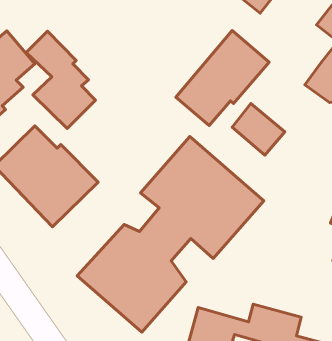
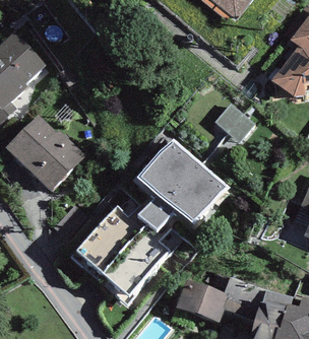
building: [176,31,269,125] -> none
building: [26,31,95,128] -> none

